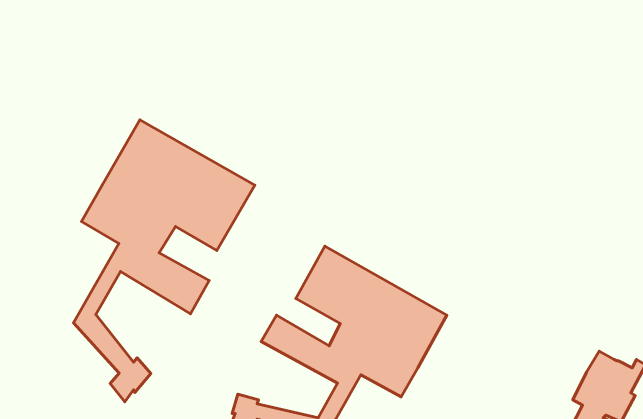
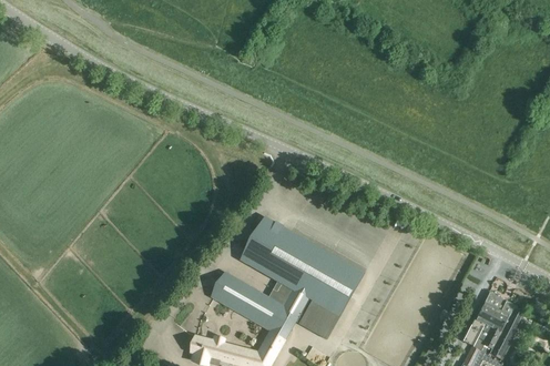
building: [73,120,255,402] -> none

